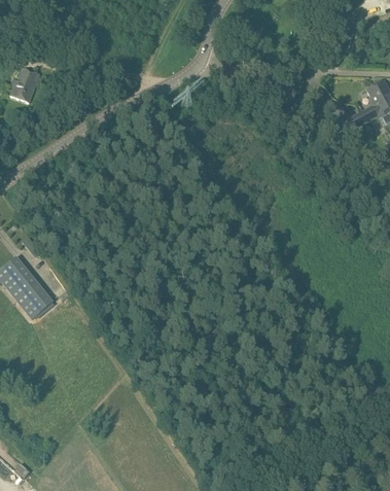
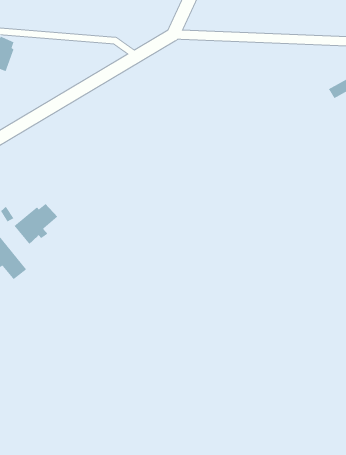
building: none -> [13,203,58,245]

